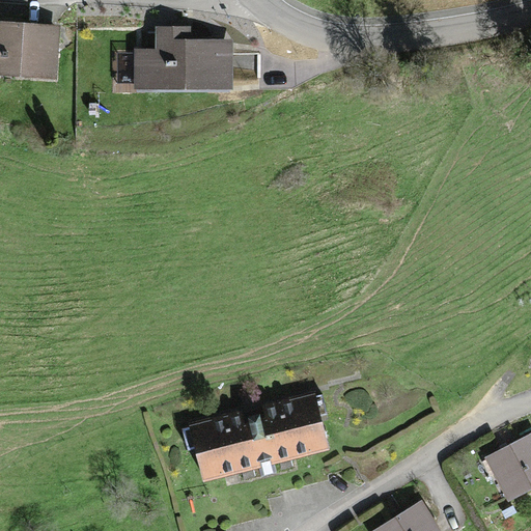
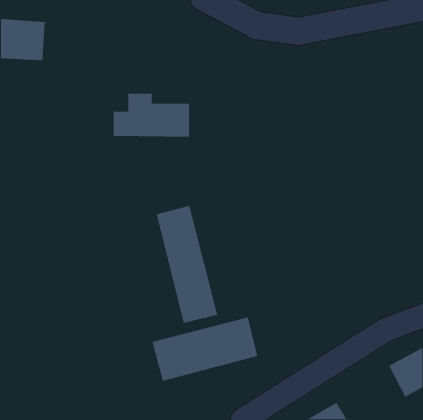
building: [135,30,231,86] -> [113,93,190,137]
building: none -> [156,205,218,324]

